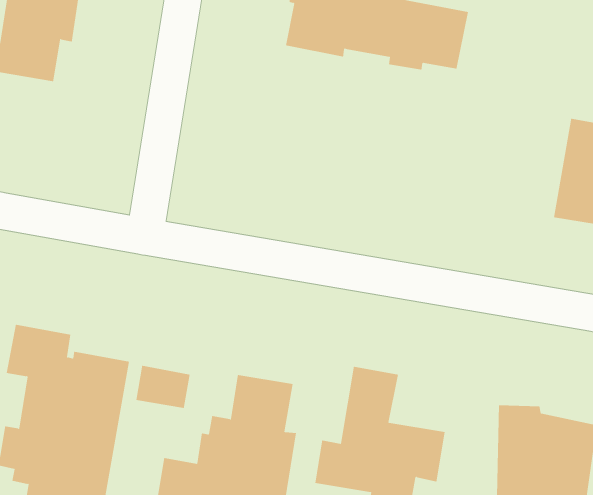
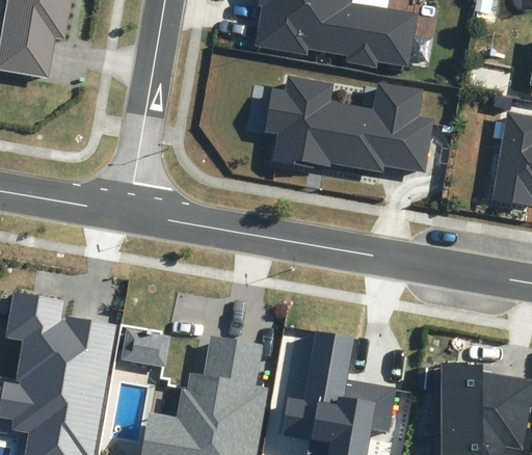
building: none -> [259,75,432,175]

